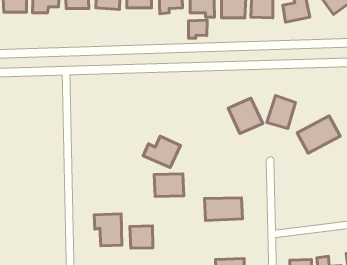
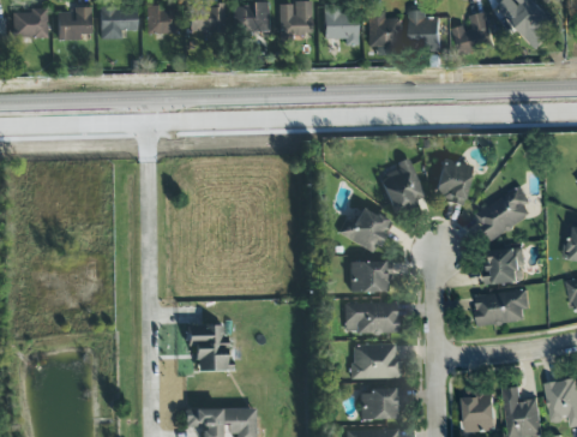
building: [188,20,207,38] -> none
building: [143,136,180,168] -> [337,208,390,252]
building: none -> [488,247,523,283]
building: [154,174,184,197] -> [348,261,390,293]
building: none -> [475,288,529,325]
building: [130,226,153,248] -> none
building: none -> [351,345,398,379]

